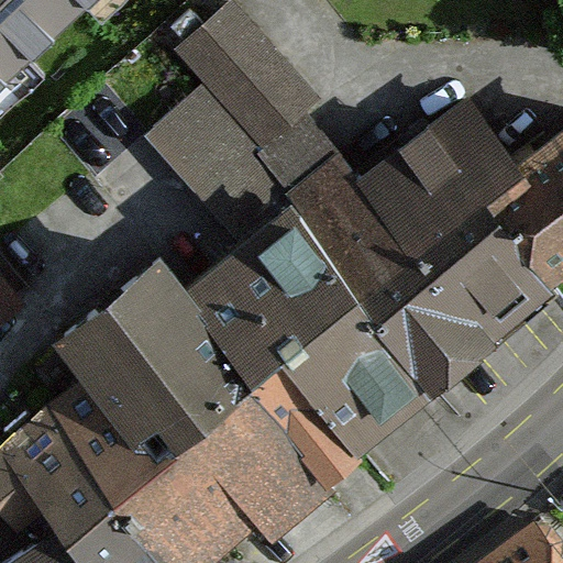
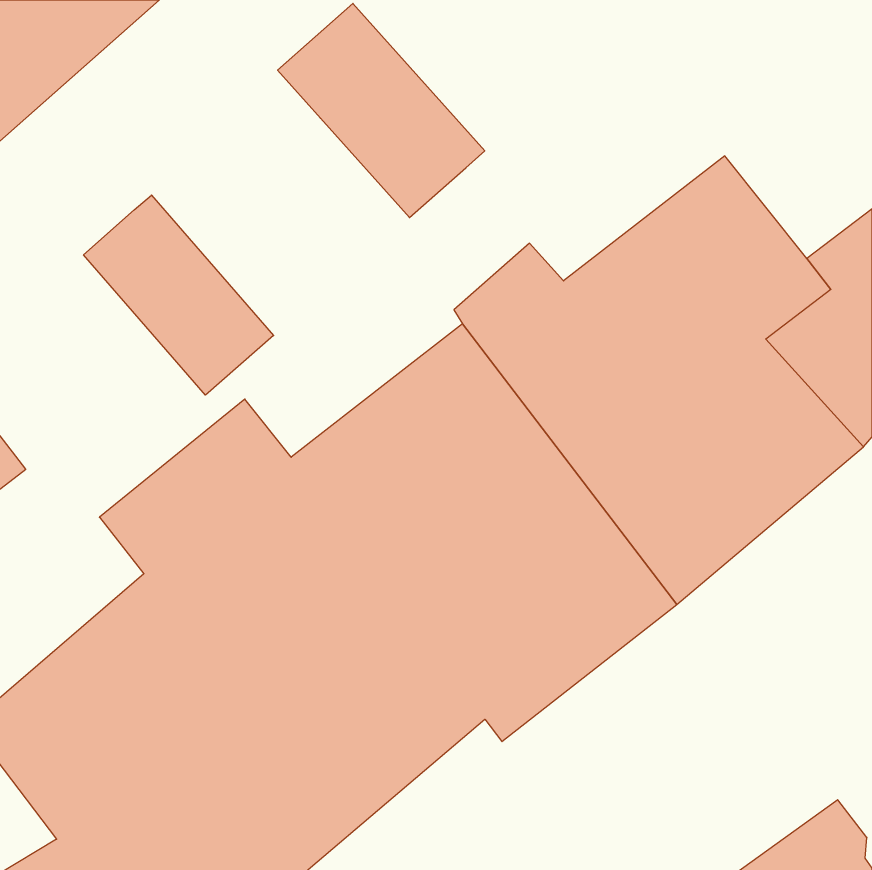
building: [150,79,340,246] -> none
building: none -> [84,195,274,395]

